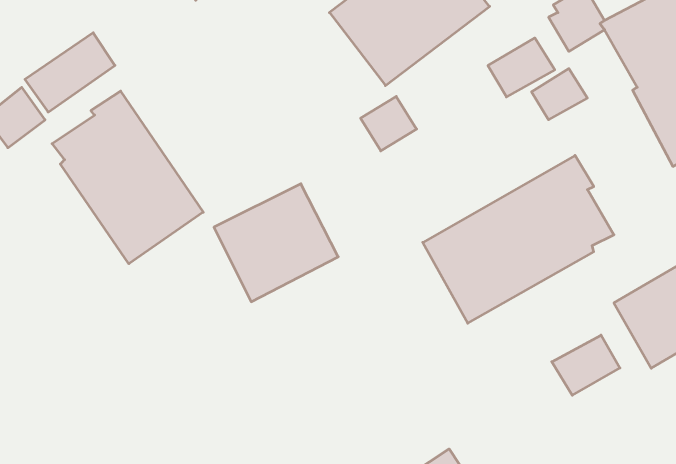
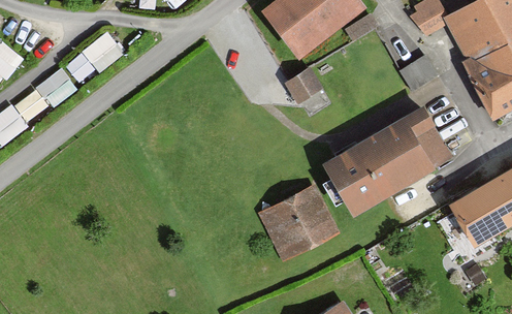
building: [488,38,555,97] -> none
building: [52,91,203,264] -> none
building: [214,184,338,302] -> [255,184,338,262]
building: [552,335,620,395] -> none

